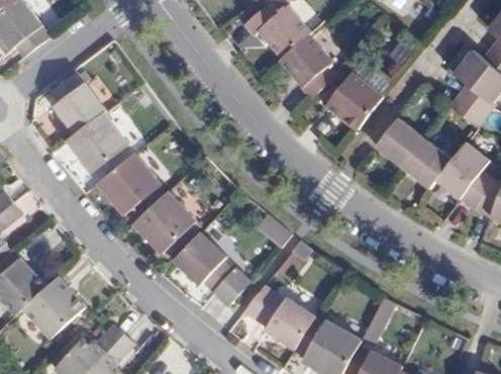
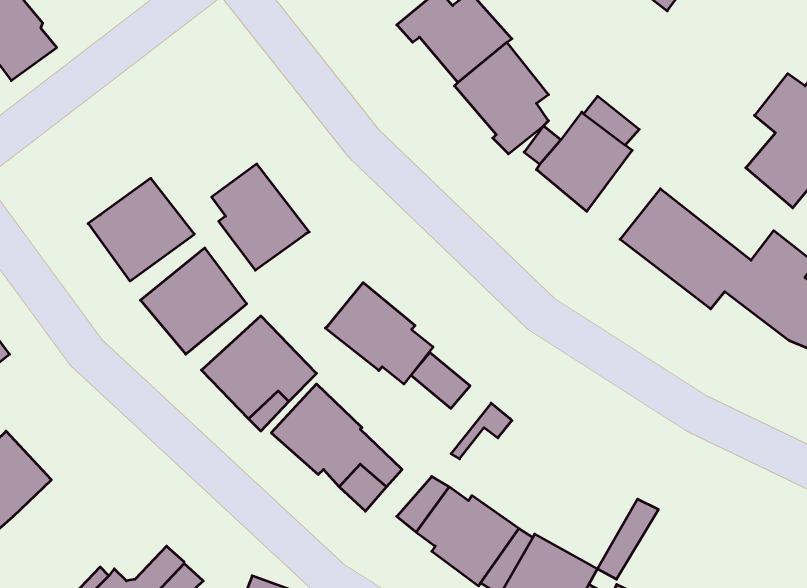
building: [48,72,105,133] -> [212,164,309,270]
building: none -> [325,283,433,384]
building: [23,277,85,339] -> none

